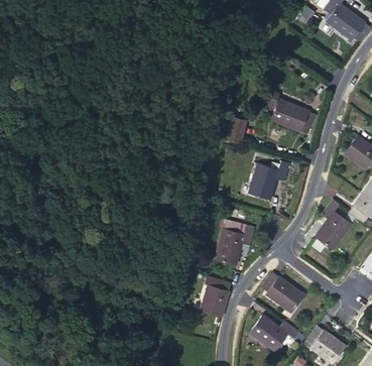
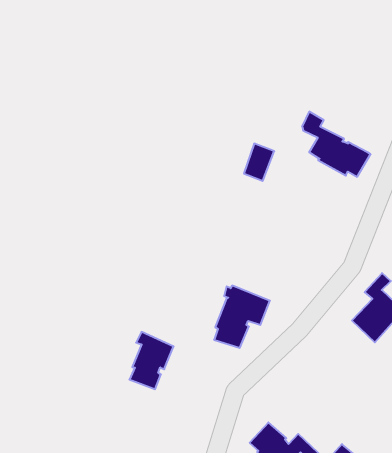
building: [250,159,288,199] -> none
building: [261,271,304,312] -> none
building: [202,275,231,316] -> [129,332,174,389]

